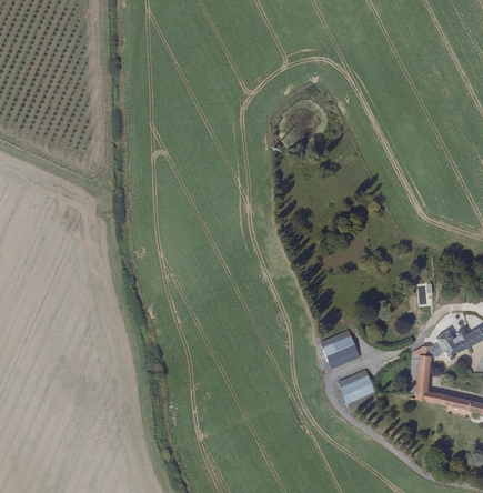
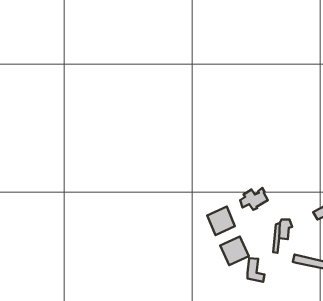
building: [433,329,471,359] -> [240,188,268,210]
building: [416,371,440,403] -> [248,258,265,282]

